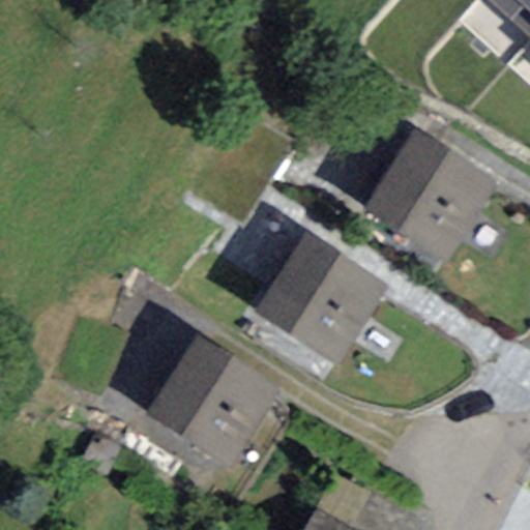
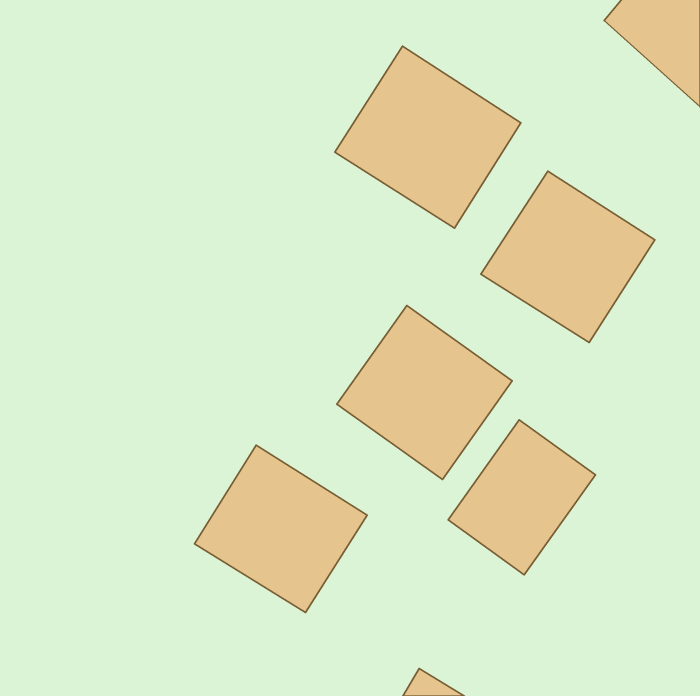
building: none -> [335,46,521,228]
building: none -> [448,420,595,575]

